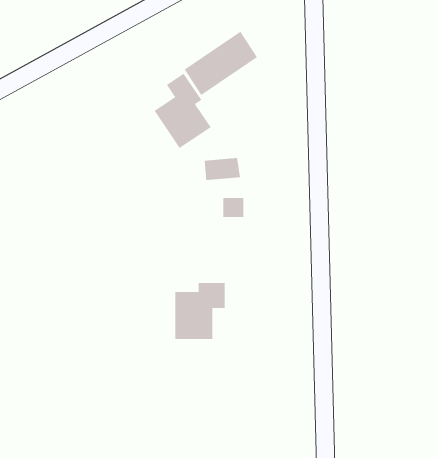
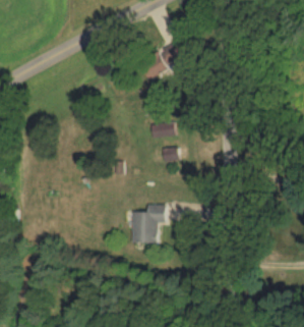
building: [154,73,211,149] -> none

